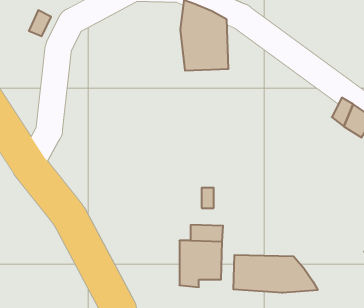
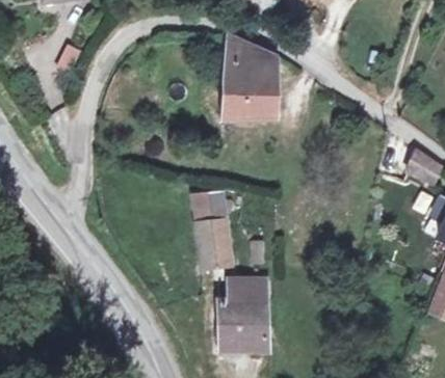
building: none -> [200,192,237,267]
building: [233,255,318,293] -> none

